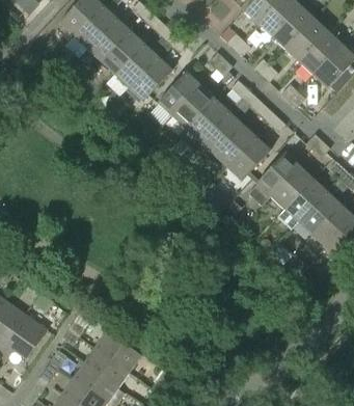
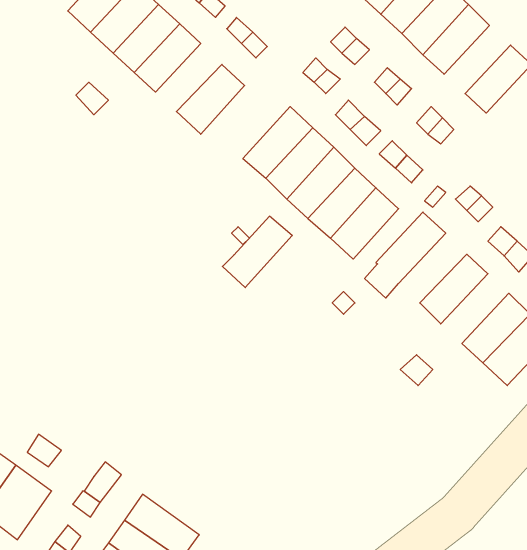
building: [299,31,342,75] -> none
building: [114,43,157,86] -> none
building: [156,71,200,116] -> [222,216,292,288]
building: [270,164,314,209] -> none
building: [297,190,341,235] -> none

